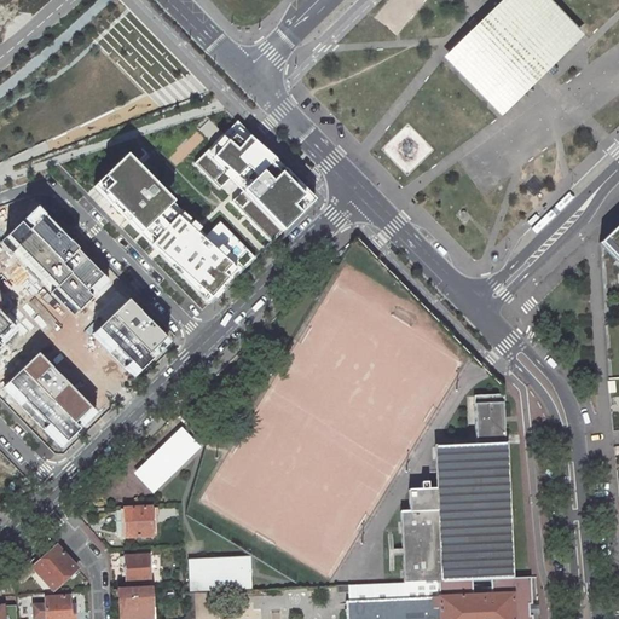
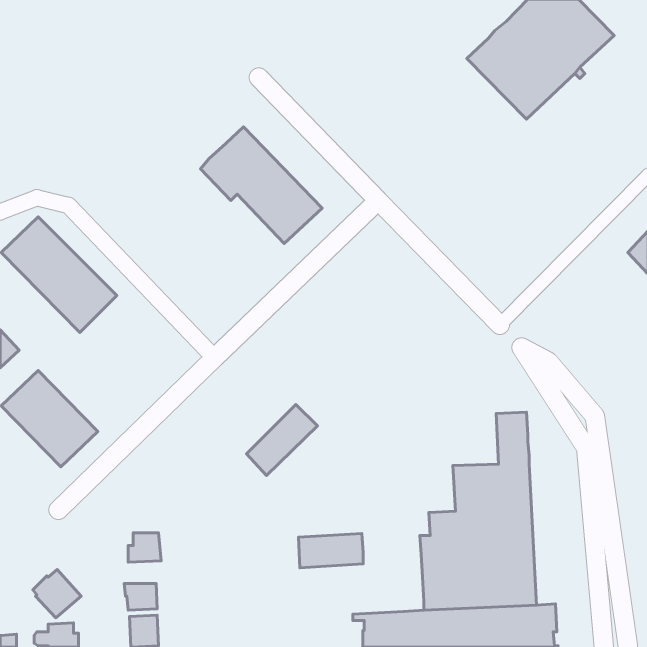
building: [92,155,258,305] -> none
building: [97,301,166,370] -> none
building: [132,424,199,492] -> [246,404,317,475]
building: [190,556,251,589] -> [298,533,363,568]

